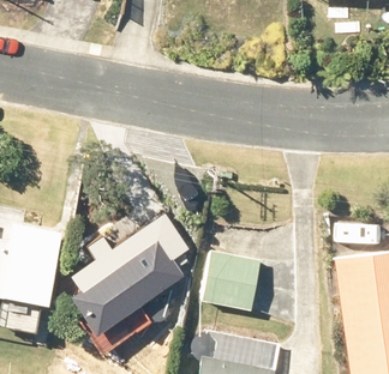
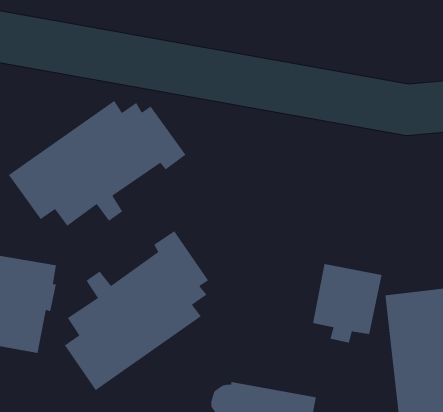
building: none -> [8,100,186,227]
building: [202,251,261,318] -> [312,263,383,343]

